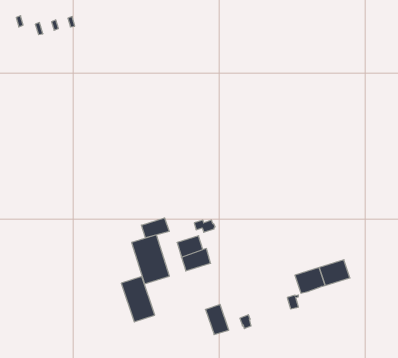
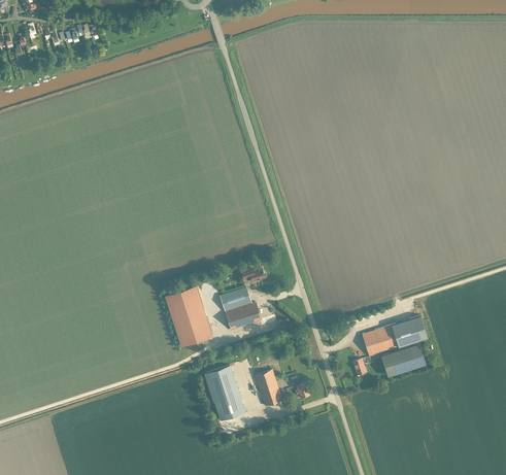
building: [141,218,169,238] -> none
building: [121,276,155,322] -> [205,366,245,420]
building: none -> [380,343,426,376]

